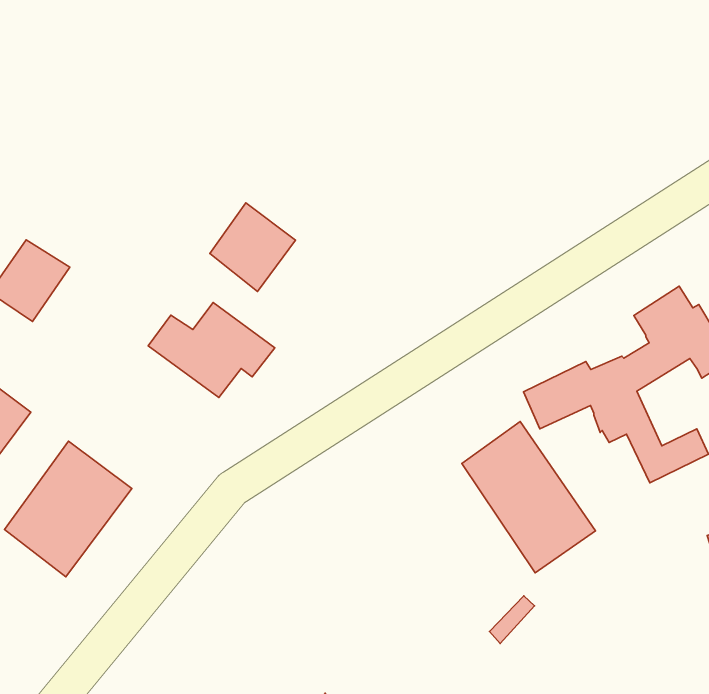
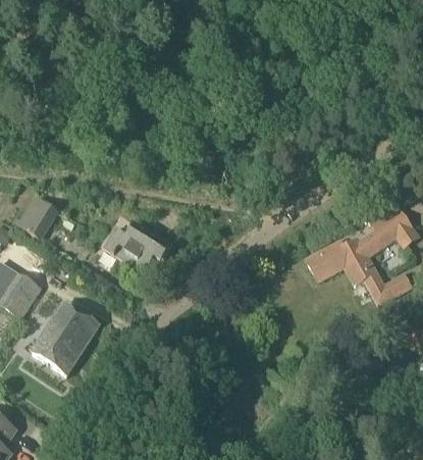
building: [210,203,295,291] -> none
building: [462,422,596,573] -> none

